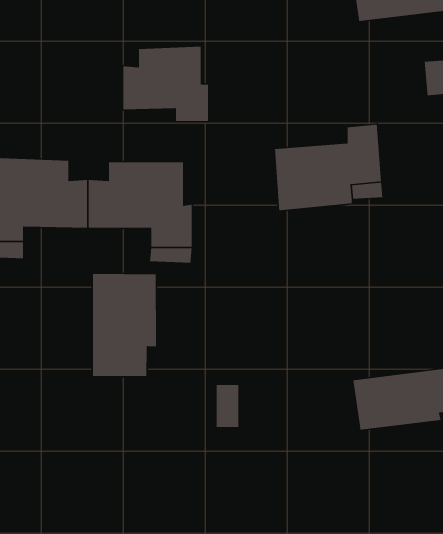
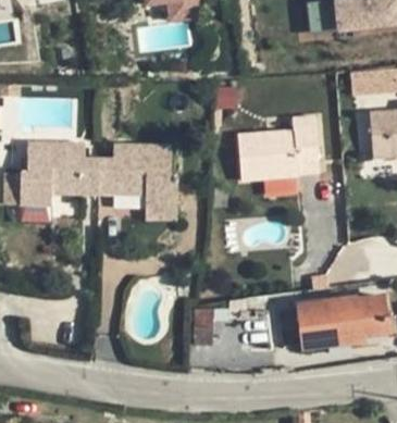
building: [123,46,209,122] -> none
building: [92,273,157,377] -> none

